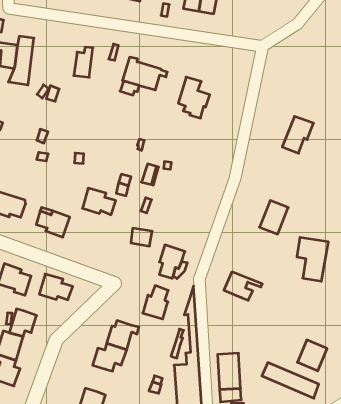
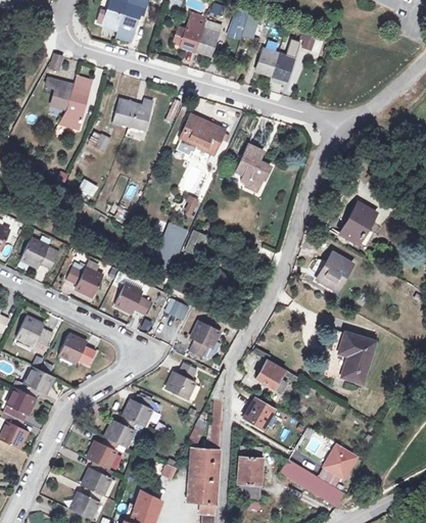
building: none -> [113,98,136,127]
building: [82,188,116,215] -> [115,284,152,316]
building: [259,201,288,234] -> [318,253,351,290]
building: none -> [243,398,275,430]
building: none -> [87,438,119,468]

